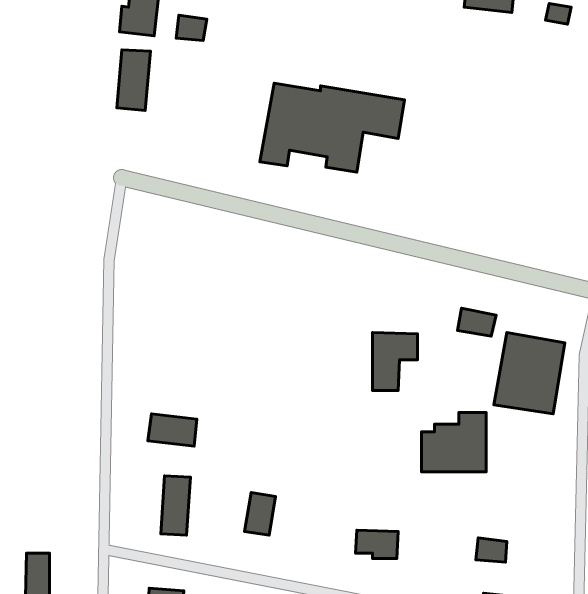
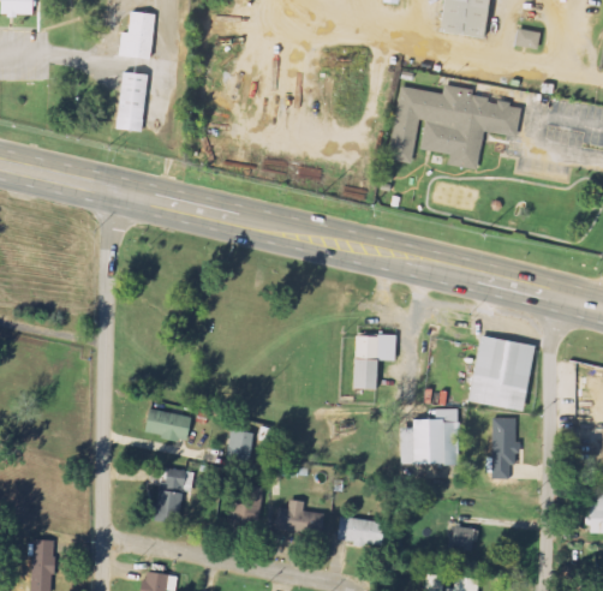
building: [176,15,207,40] -> none
building: [260,83,405,172] -> [387,85,521,168]
building: [458,308,496,336] -> none
building: none -> [494,417,519,479]
building: none -> [229,430,252,468]
building: none -> [275,499,324,535]

